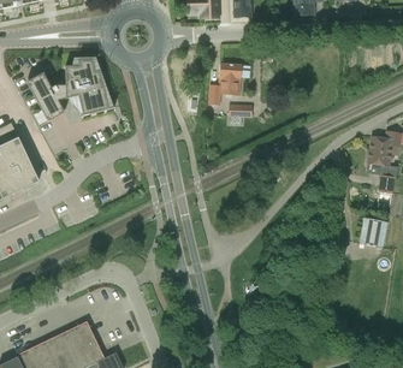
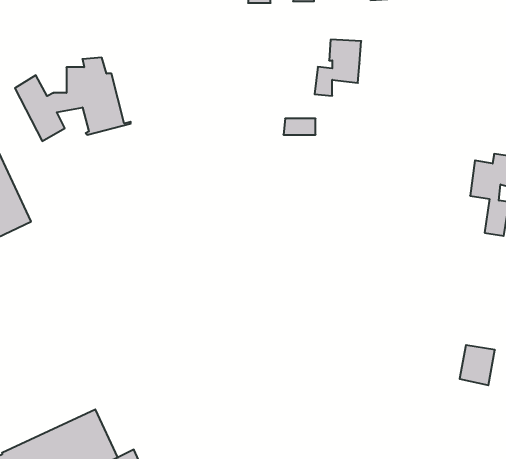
building: [207,64,242,106] -> [315,40,361,96]
building: [360,218,386,248] -> [460,345,495,385]

